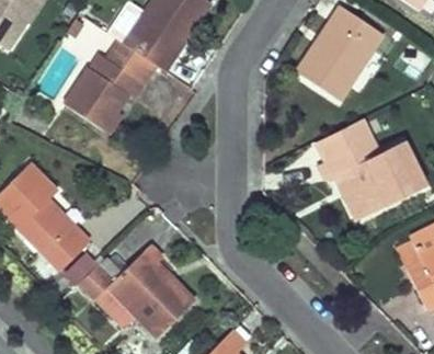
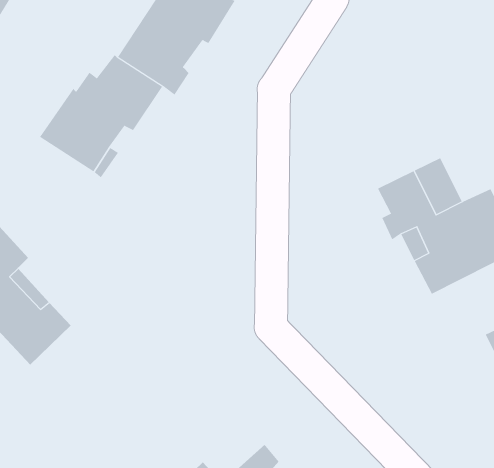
building: [296,7,382,100] -> none
building: [78,244,194,338] -> none

